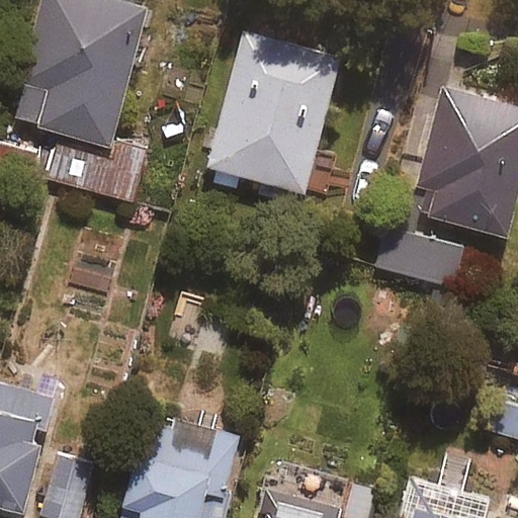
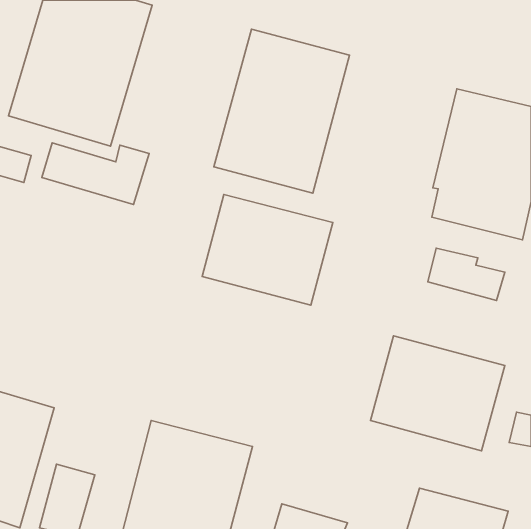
building: none -> [202,194,333,305]
building: none -> [371,336,505,451]

